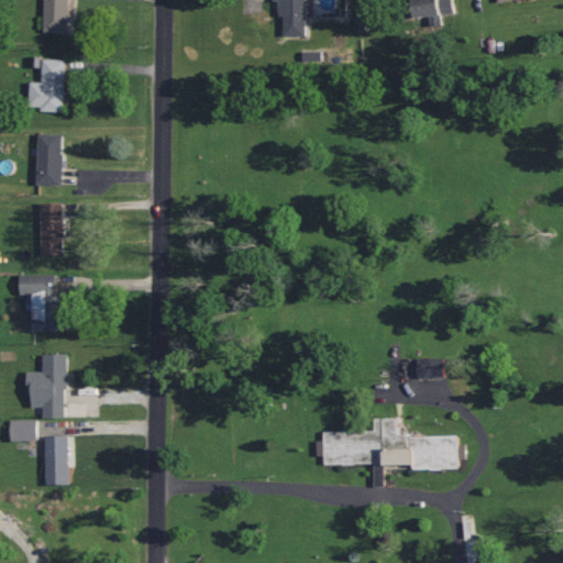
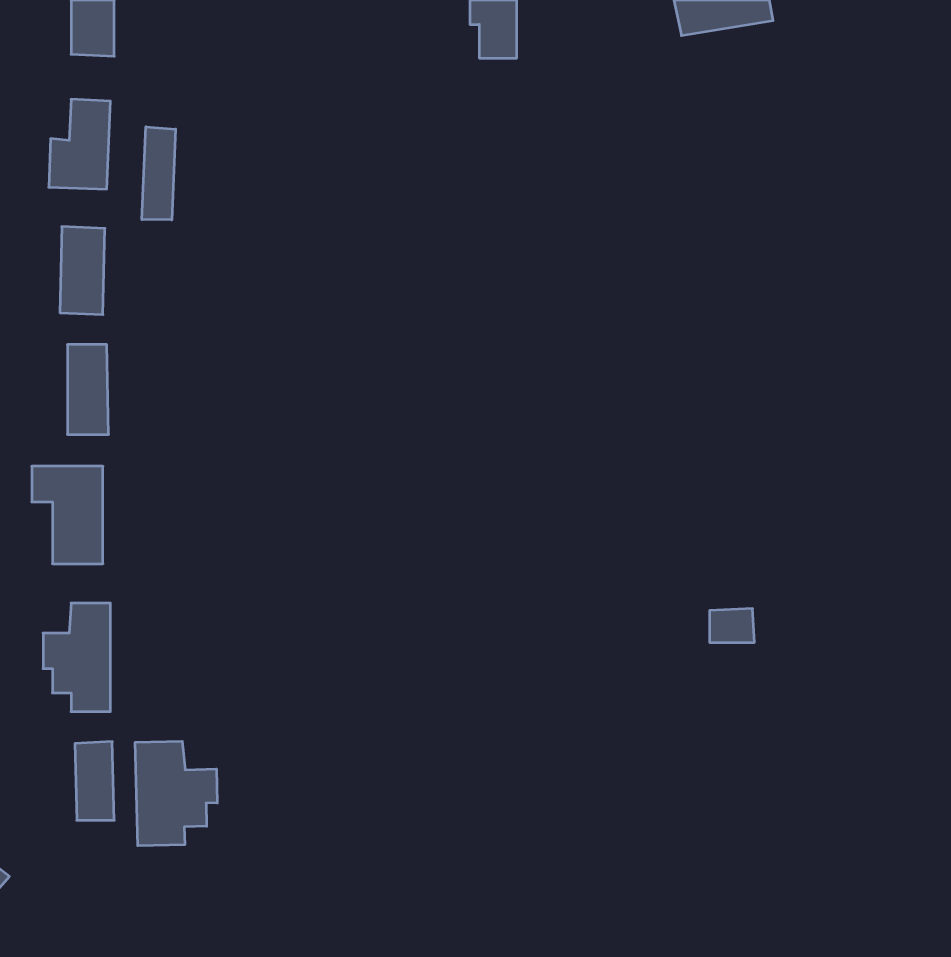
building: none -> [142,127,176,220]
building: [314,417,456,485] -> none
building: [10,420,36,441] -> none
building: none -> [135,741,217,846]

